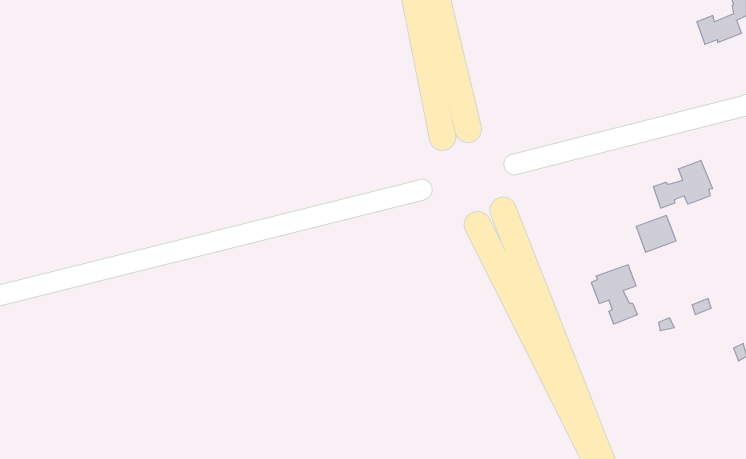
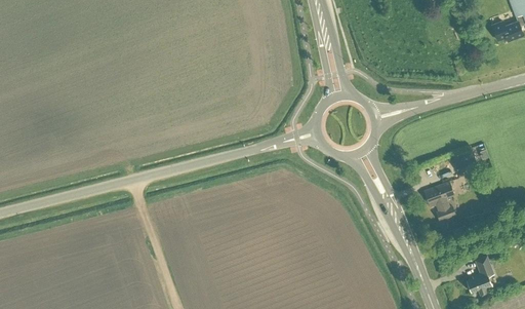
building: [653,160,713,208] -> none
building: none -> [467,256,492,297]

